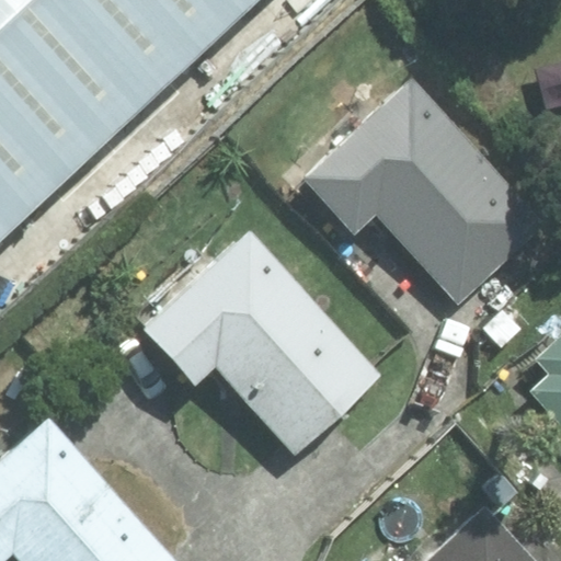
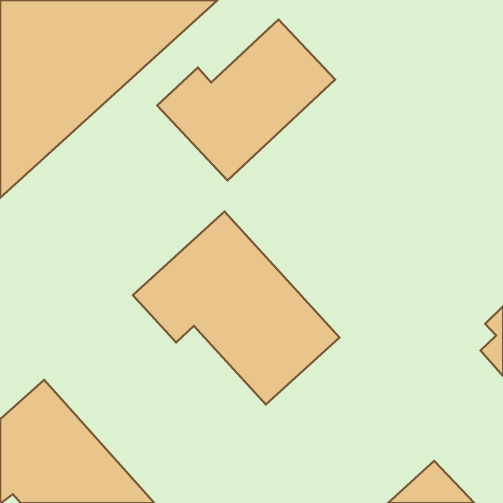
building: none -> [157,20,335,180]
building: [308,83,541,299] -> none

